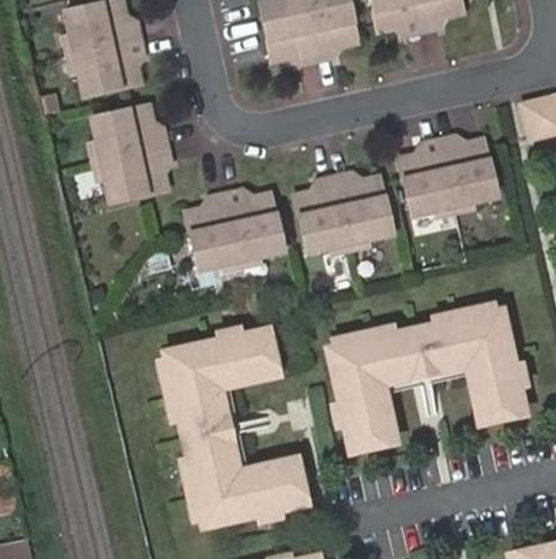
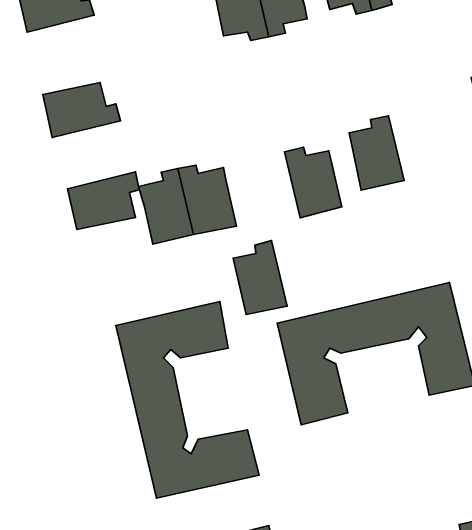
building: [75,39,146,95] -> none
building: [439,135,498,205] -> none
building: [100,145,172,202] -> [67,172,139,229]
building: [295,176,350,251] -> [233,240,287,315]

